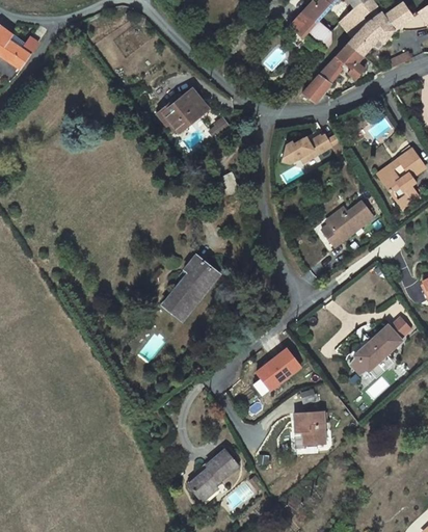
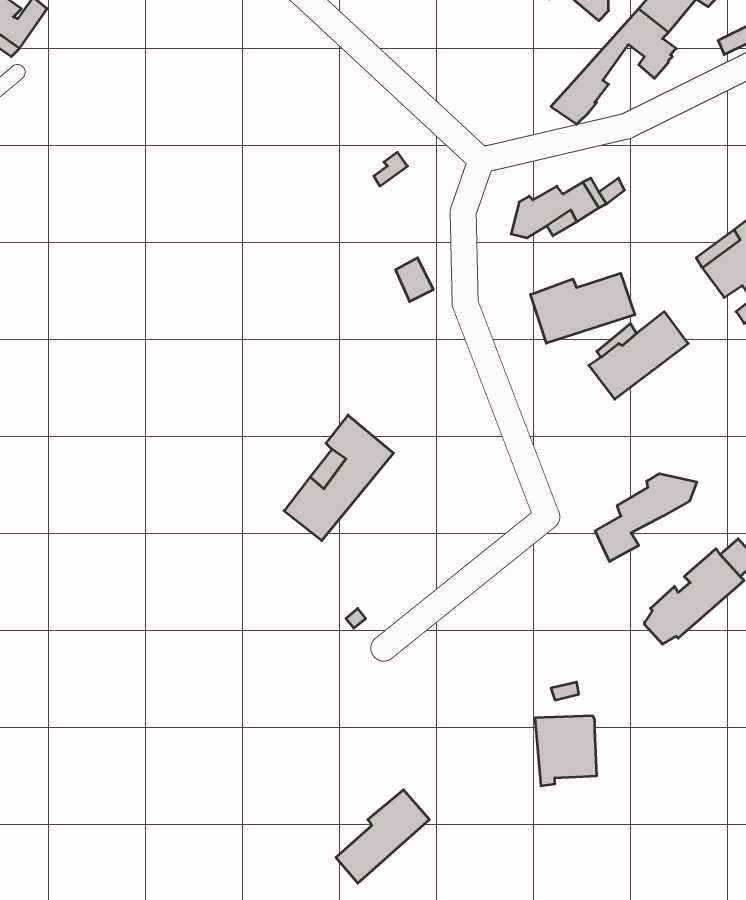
building: [156,87,208,132] -> none
building: none -> [530,273,635,343]
building: none -> [595,474,697,562]
building: [250,344,299,390] -> none

